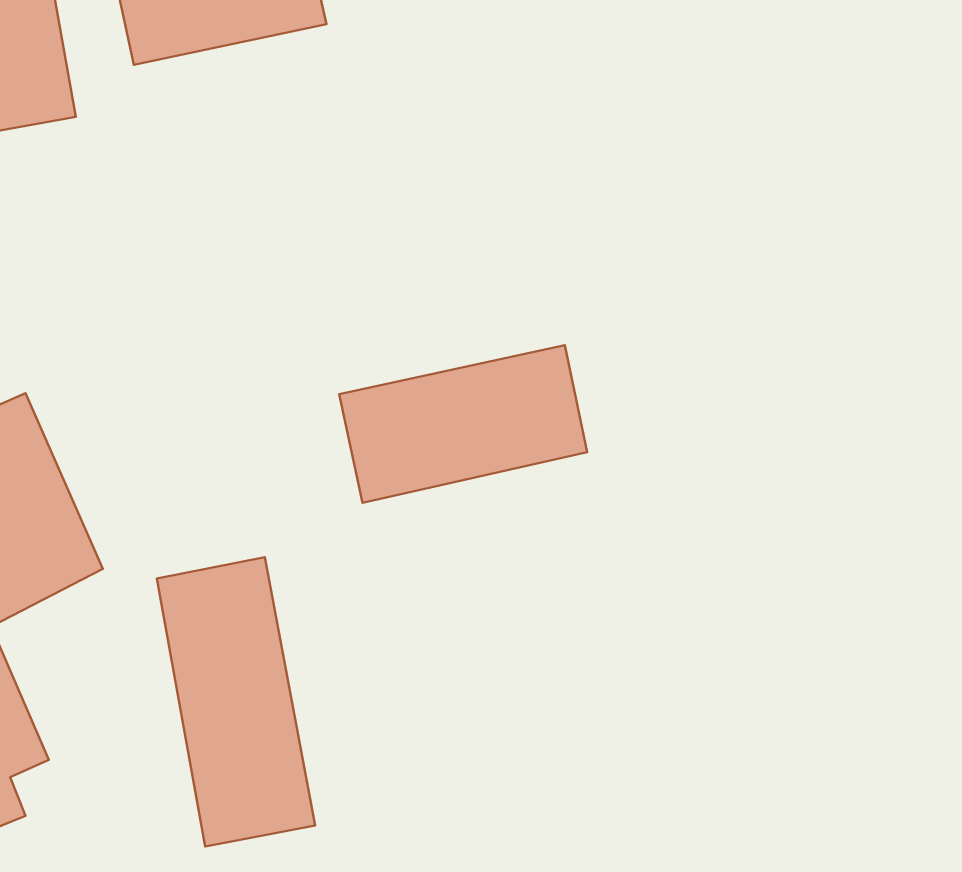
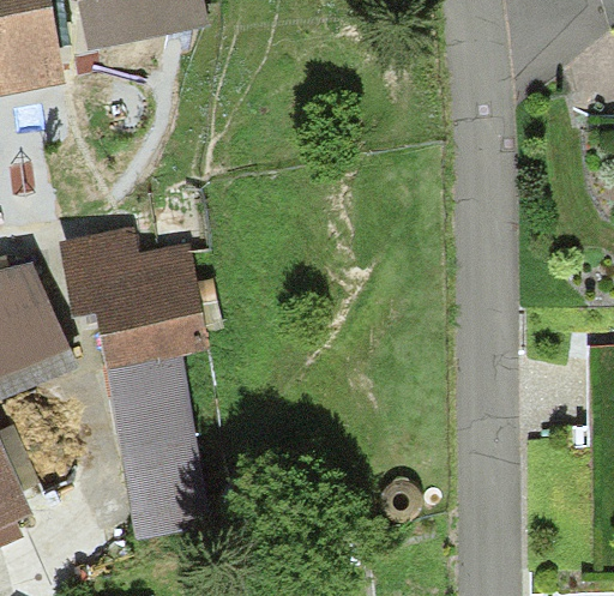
building: none -> [60,224,205,369]
building: [339,345,587,503] -> none

